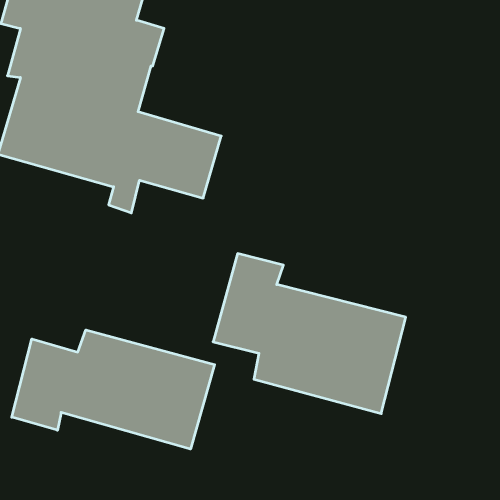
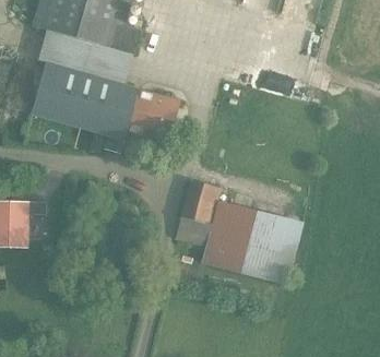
building: [12,330,215,449] -> none

